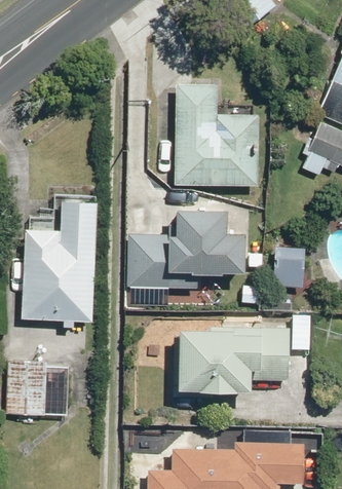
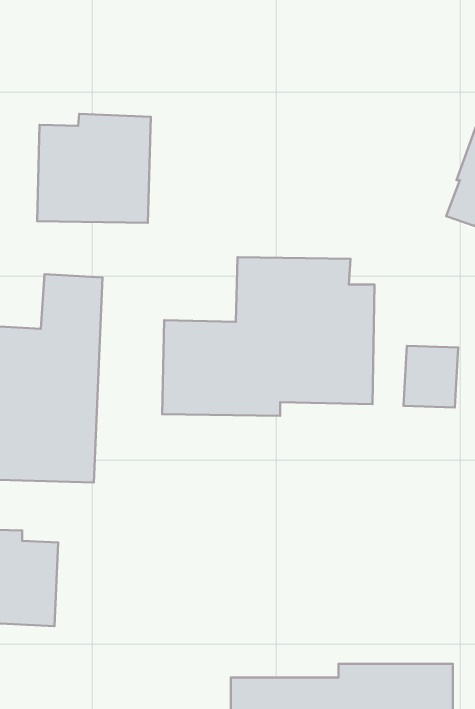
building: [175,83,258,188] -> none
building: none -> [37,114,151,223]
building: [182,323,292,386] -> none

